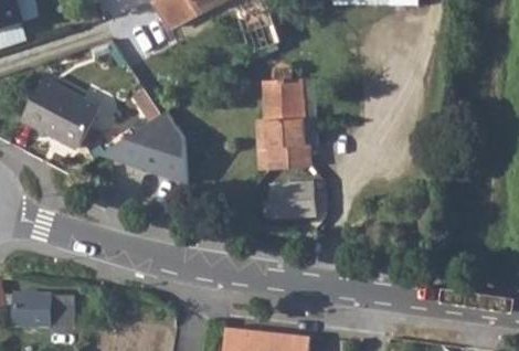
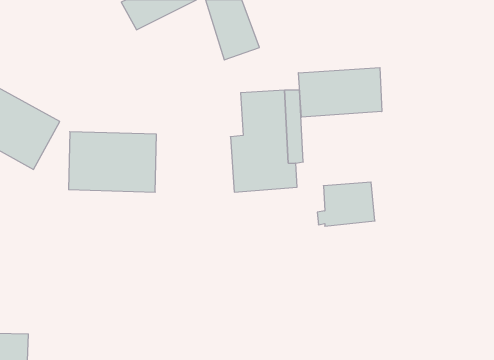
building: none -> [298,68,382,117]
building: [263,181,314,220] -> [317,182,375,226]

